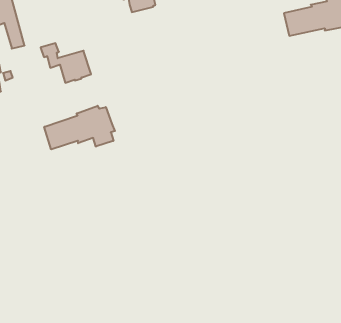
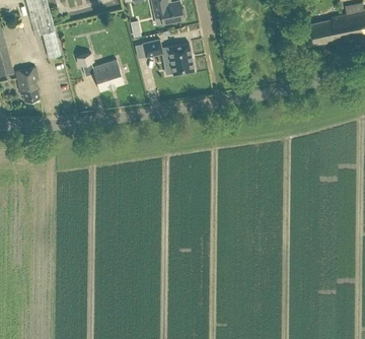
building: none -> [142,39,193,74]
building: [44,106,115,149] -> none

